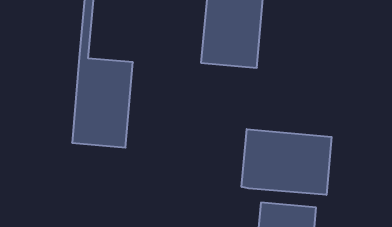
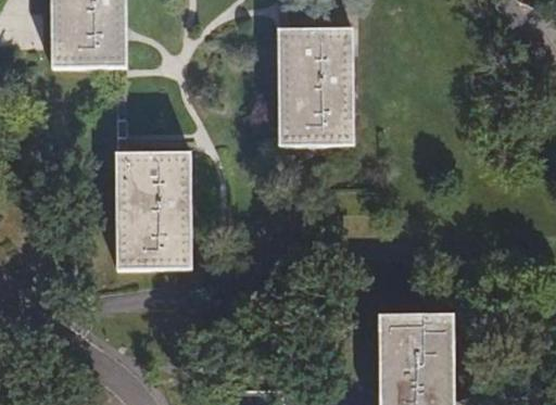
building: [242,129,332,195] -> none

